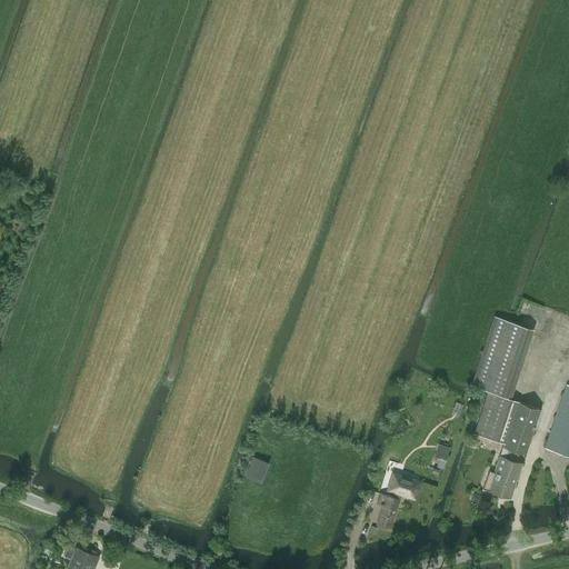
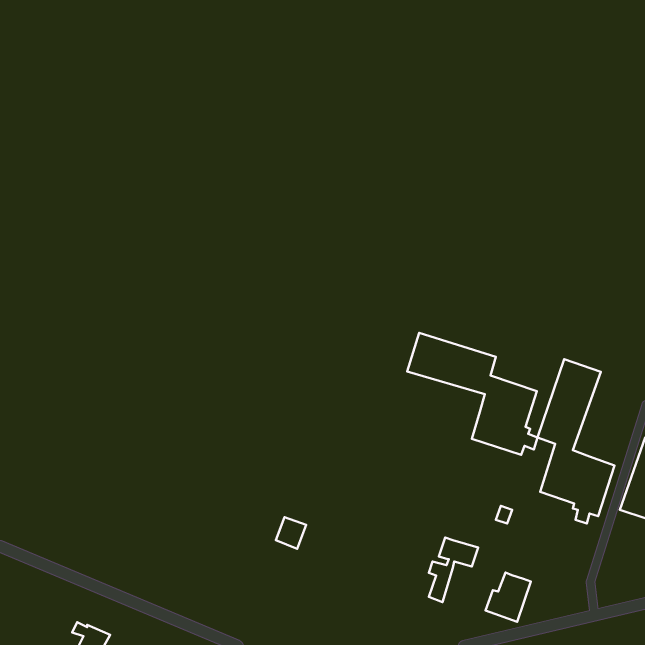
building: none -> [407,333,538,455]
building: [483,456,523,499] -> [485,573,531,622]

